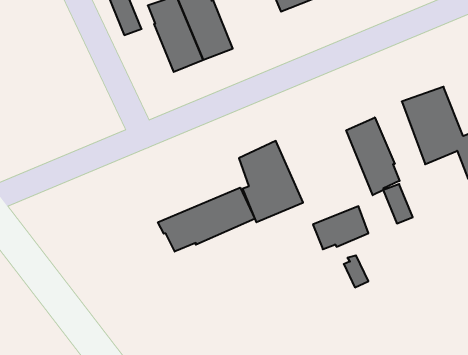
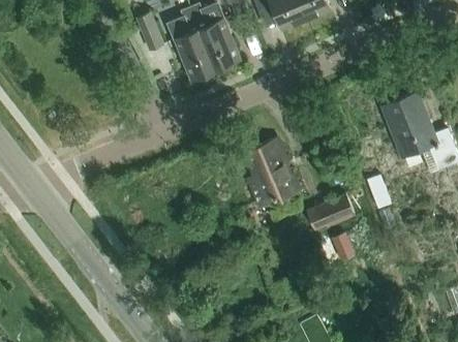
building: [346,117,400,195] -> none
building: [158,188,255,252] -> none

